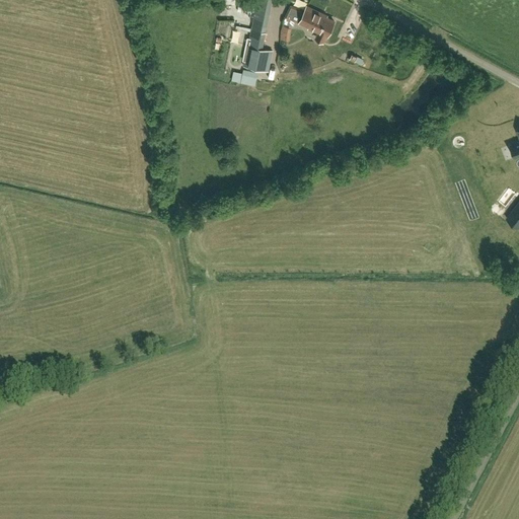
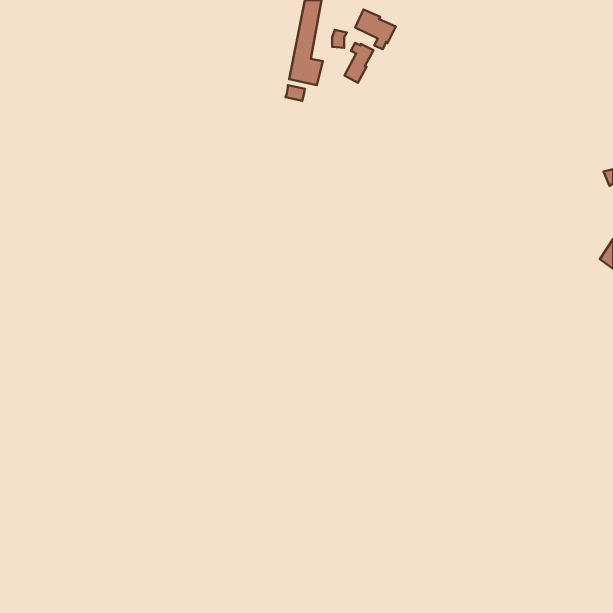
building: none -> [345,43,374,83]

